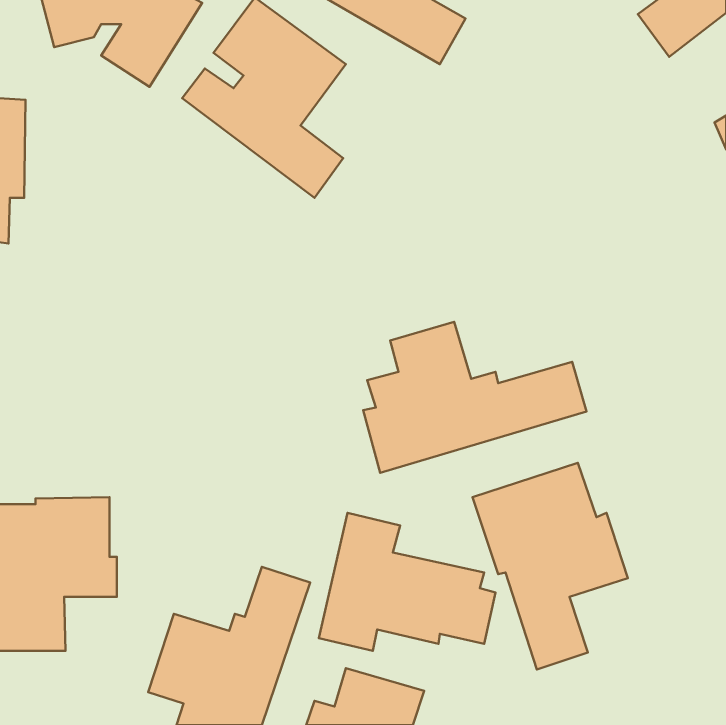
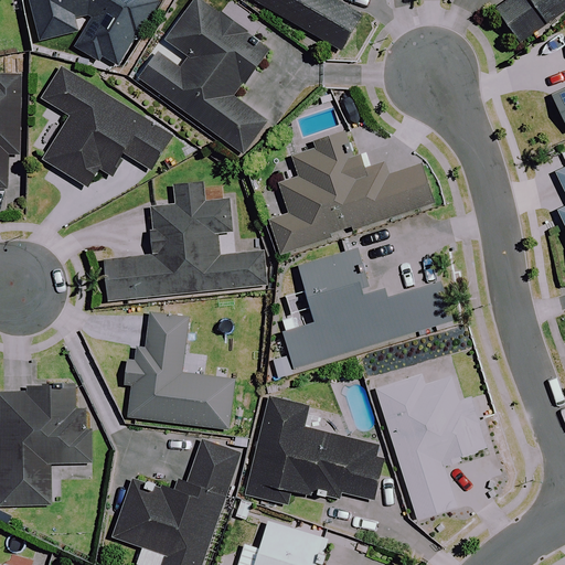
building: none -> [43,70,171,186]
building: none -> [268,132,437,254]
building: none -> [100,182,265,301]
building: none -> [130,313,235,428]

